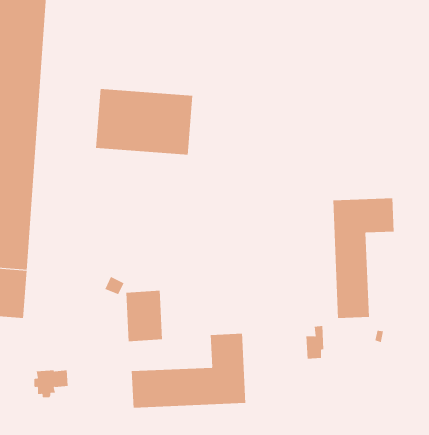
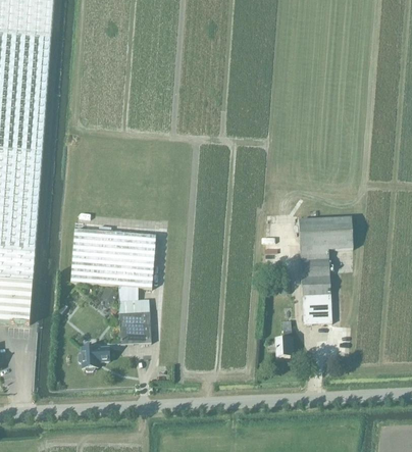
building: [95,88,193,155] -> [70,228,156,286]
building: [131,333,246,409] -> none
building: [34,370,69,398] -> [79,344,109,368]

